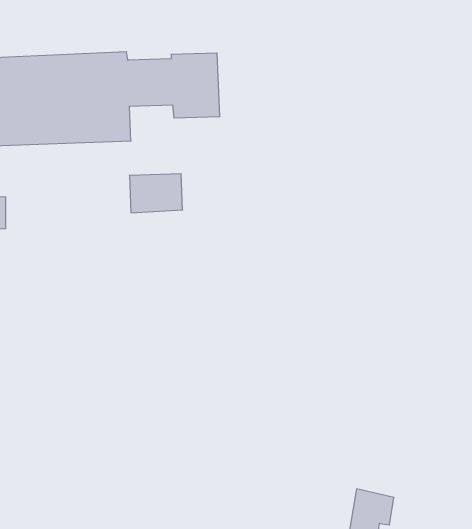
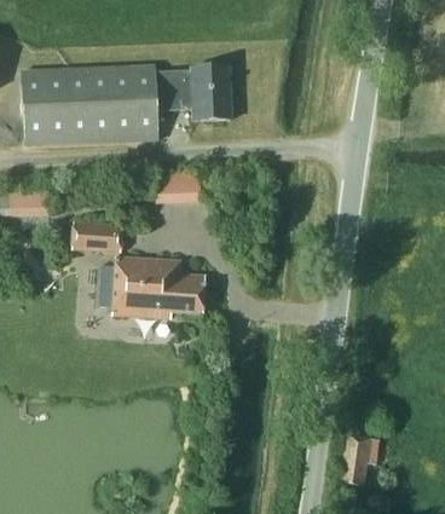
building: none -> [71,218,120,252]
building: none -> [111,258,203,318]

